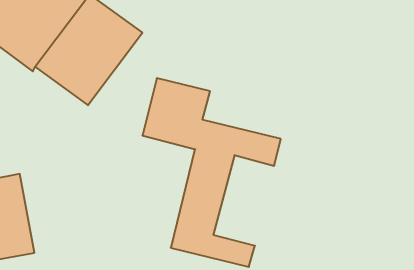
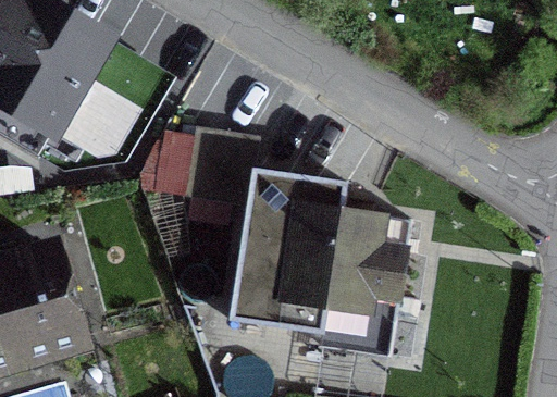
building: none -> [277,207,404,319]

